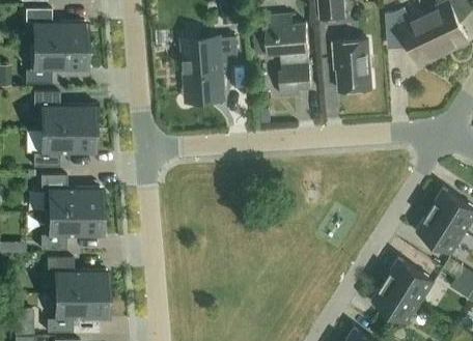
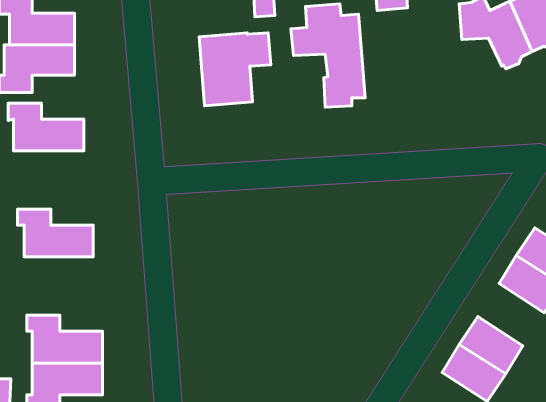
building: [334,40,373,91] -> none
building: [33,130,92,167] -> none
building: [40,212,100,250] -> none

